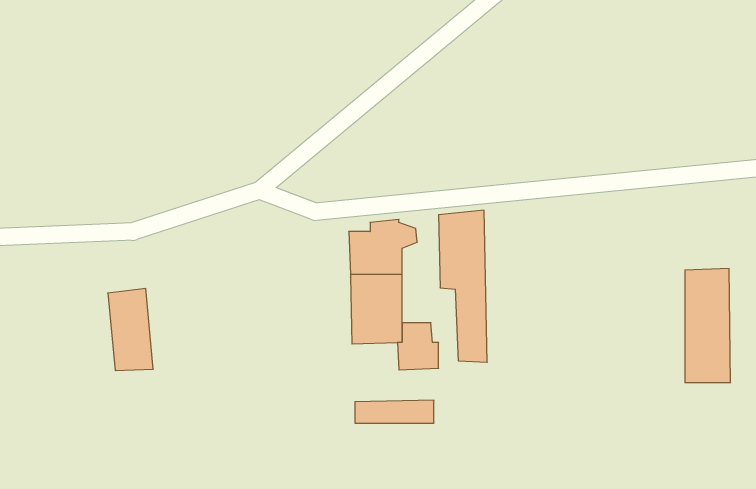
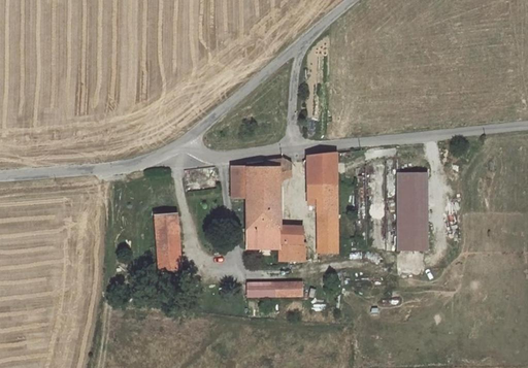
building: none -> [229,167,245,199]
building: [685,269,731,383] -> [398,171,429,248]
building: [108,288,153,371] -> [150,213,180,269]

